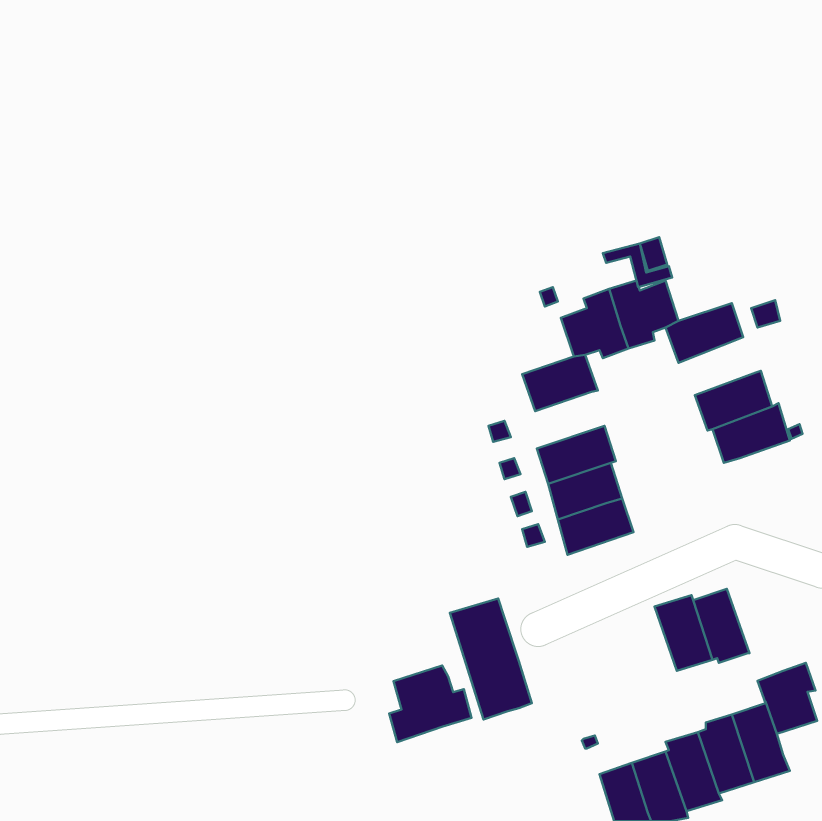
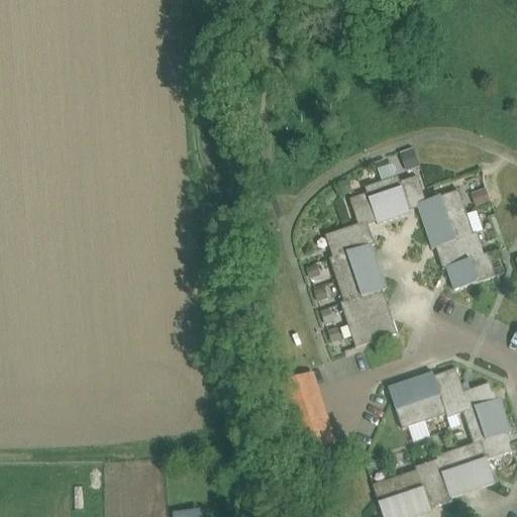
building: none -> [425,211,474,248]
building: none -> [330,245,379,281]
building: none -> [388,380,424,426]
building: none -> [463,383,505,426]
building: [389,666,471,742] -> none

